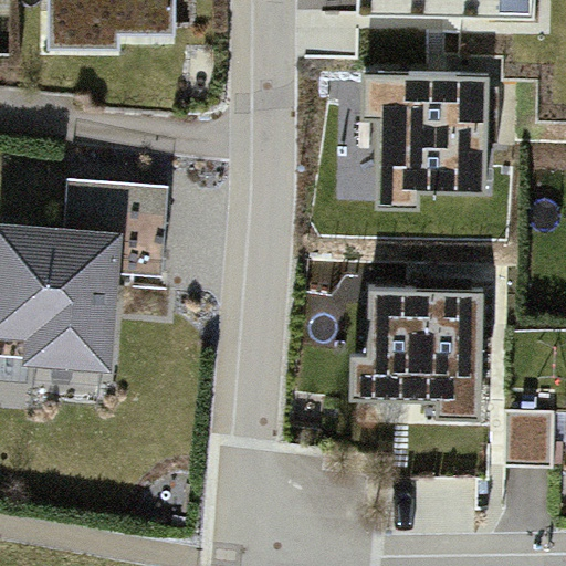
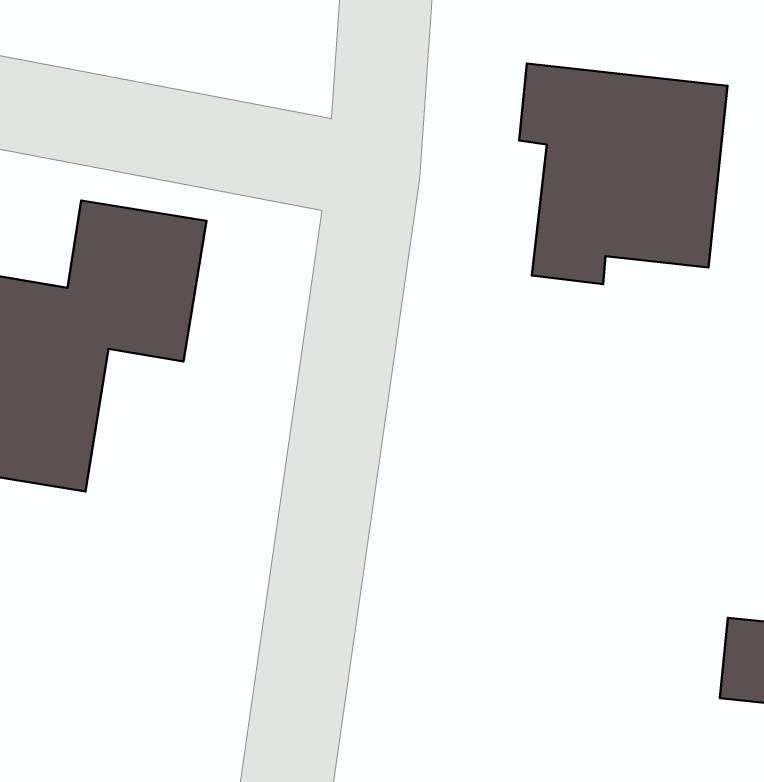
building: [352,287,482,418] -> none

